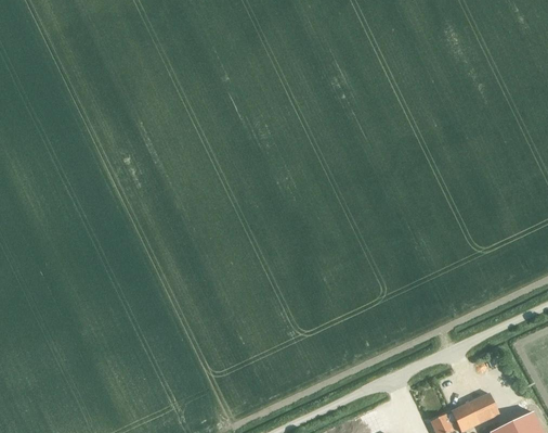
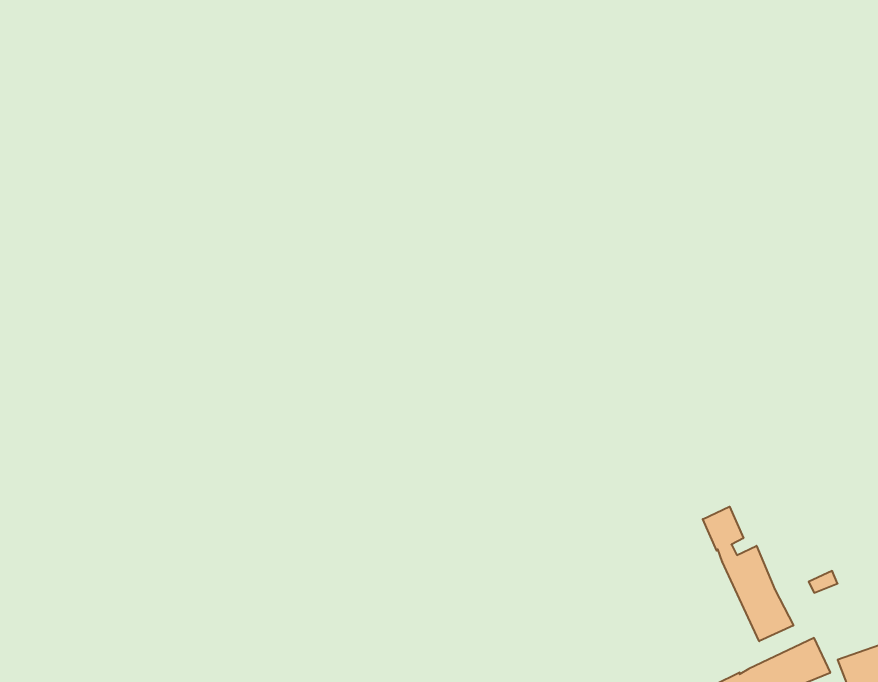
building: none -> [703,507,793,641]

